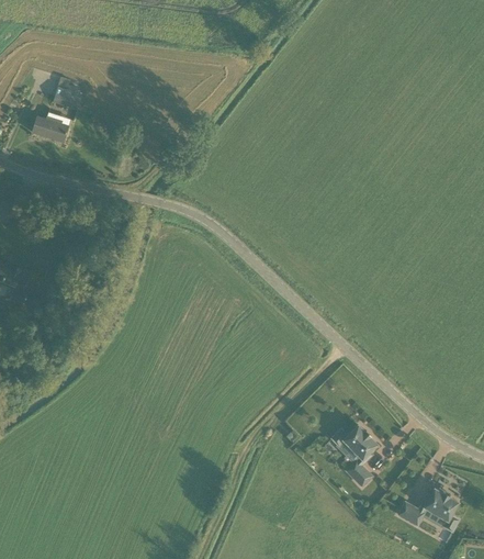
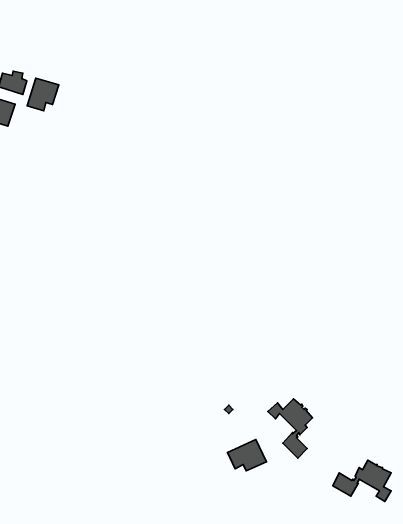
building: none -> [27,78,59,111]
building: none -> [227,439,267,471]

